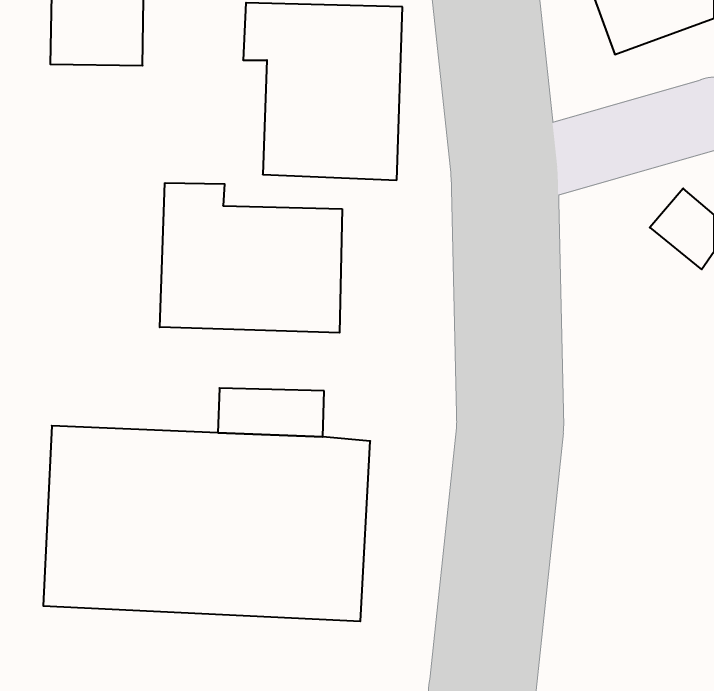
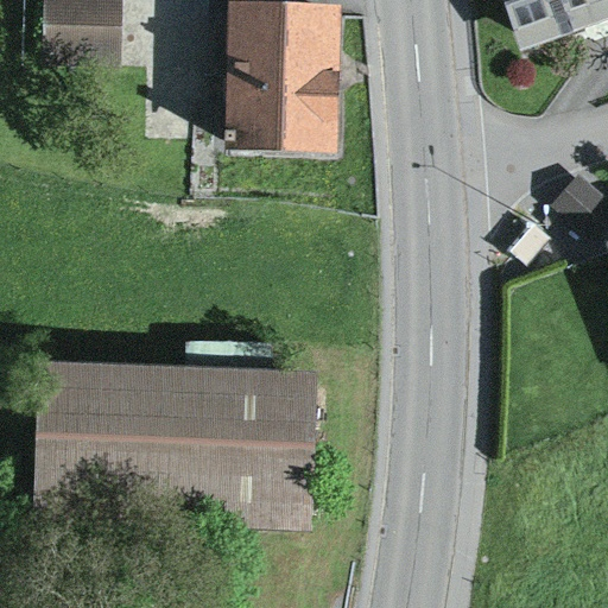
building: [160,183,342,333] -> none

